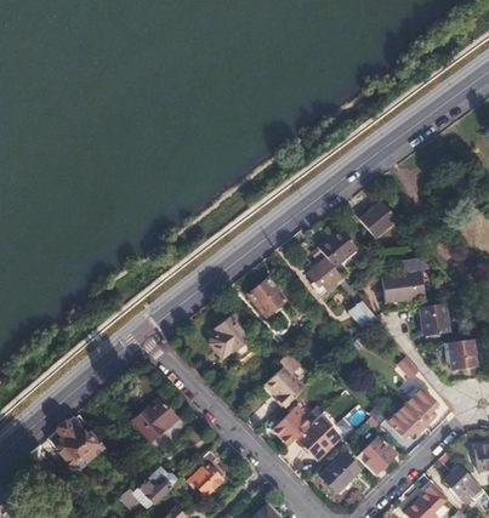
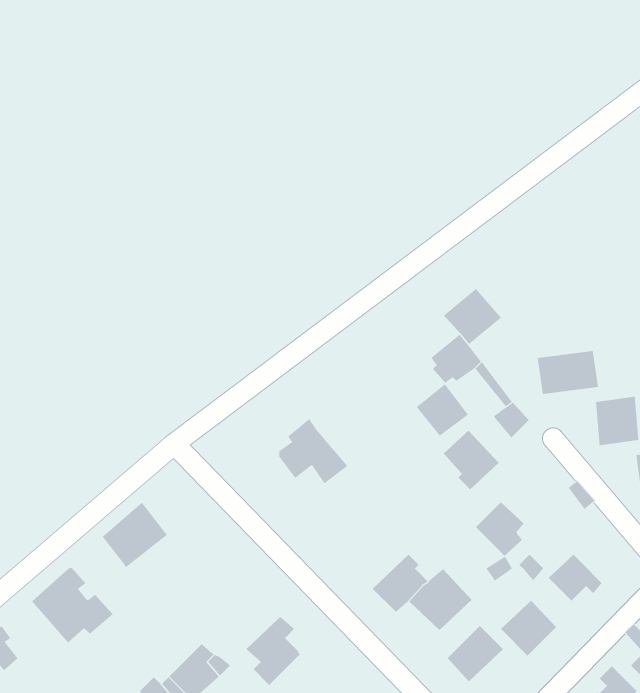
building: [358,199,396,239] -> none
building: [249,279,284,314] -> [416,383,469,437]
building: [266,366,303,406] -> [443,430,500,490]
building: [405,389,438,426] -> [475,501,525,556]
building: [132,397,176,440] -> [102,502,168,568]

